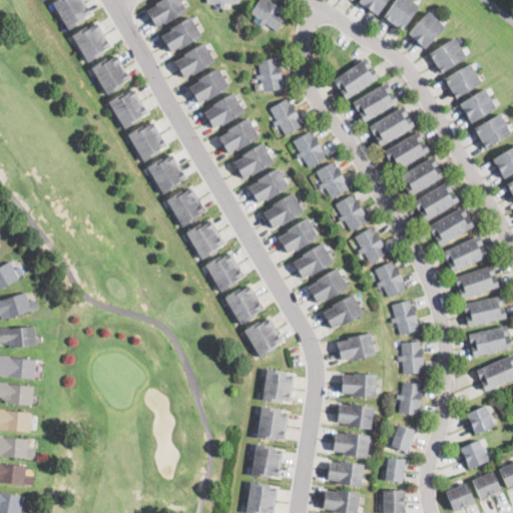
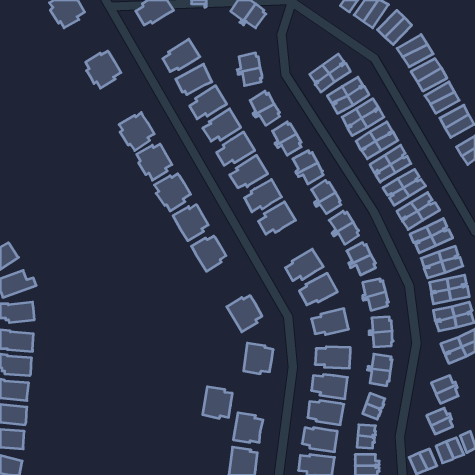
building: [161,16,202,52] -> none
building: [72,24,111,62] -> none
building: [109,90,147,129] -> none
building: [293,242,334,279] -> none
building: [224,286,264,326] -> none
building: [256,407,289,441] -> [203,387,232,418]

